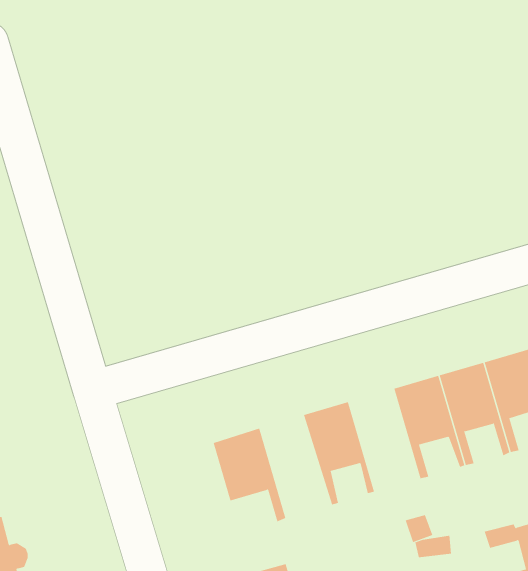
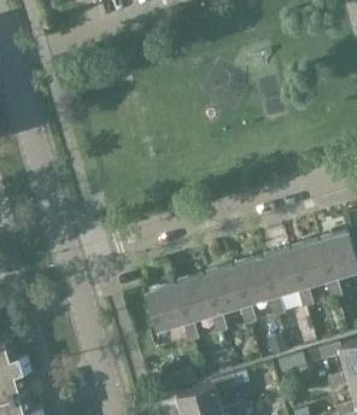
building: none -> [233,257,279,323]
building: none -> [176,274,222,340]

